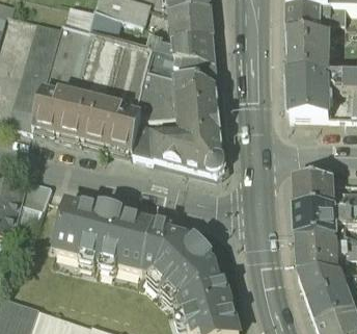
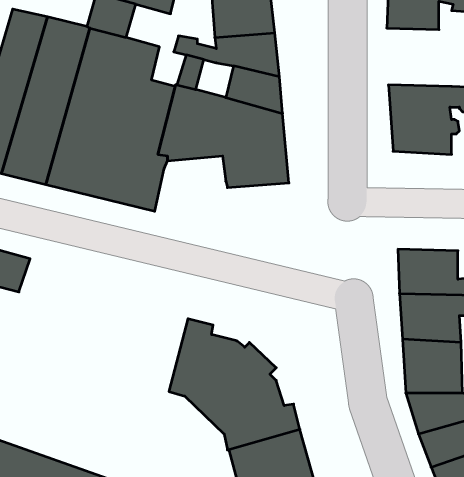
building: [285,33,329,72] -> none
building: [133,126,224,176] -> none
building: [54,202,155,273] -> none

